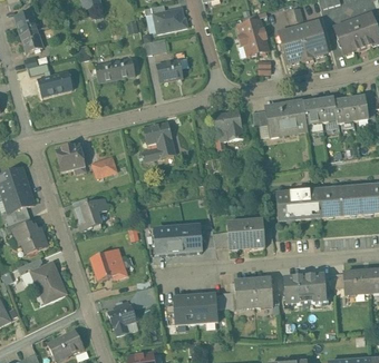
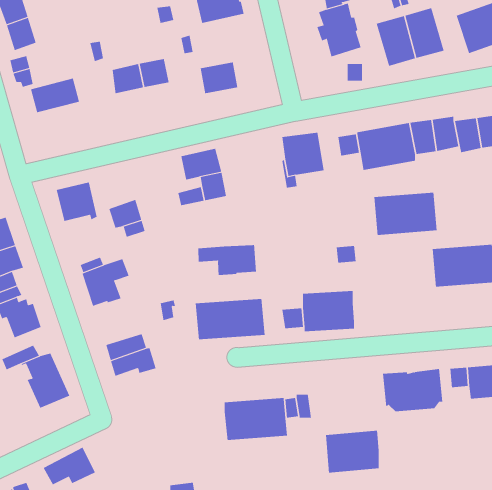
building: none -> [198,244,256,276]
building: [275,189,320,219] -> [373,192,437,235]
building: [234,277,272,307] -> [325,430,379,473]
building: [108,302,135,333] -> none

